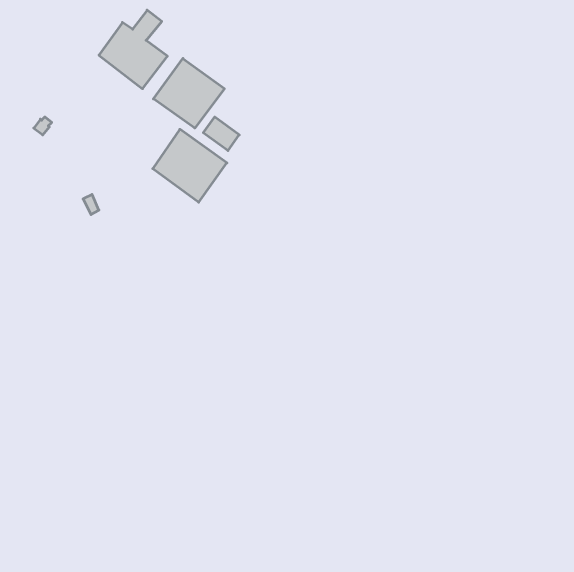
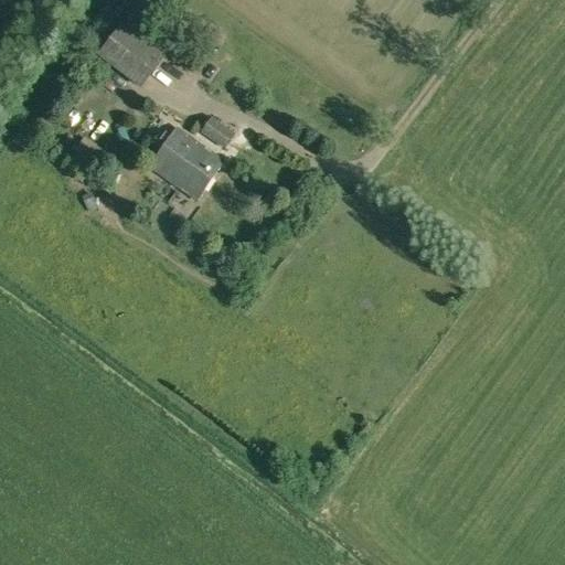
building: [153,58,224,128] -> none

